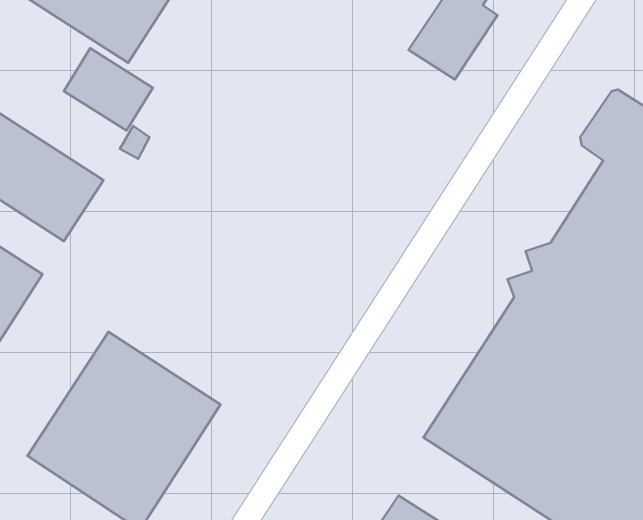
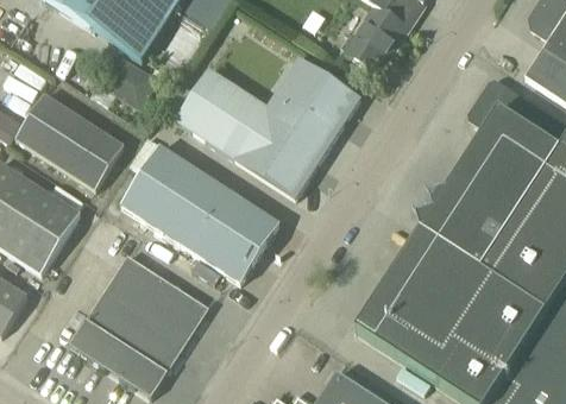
building: none -> [176,65,360,196]
building: none -> [121,134,279,280]

